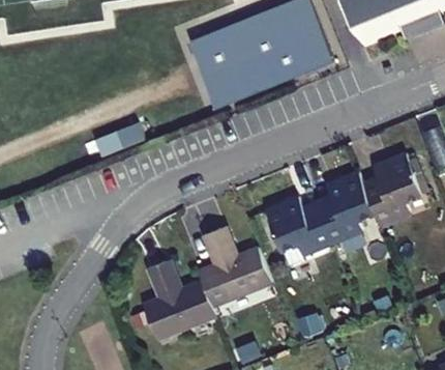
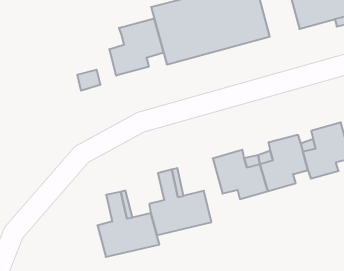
building: none -> [109,18,164,76]

